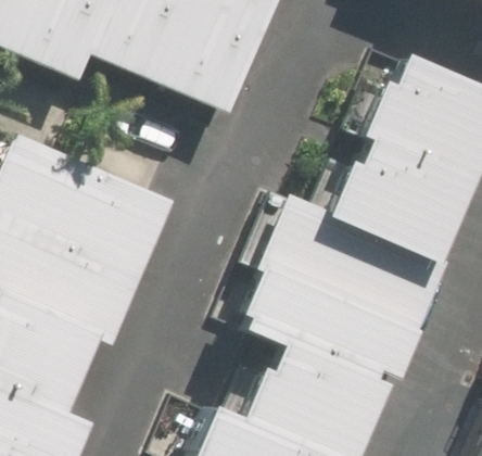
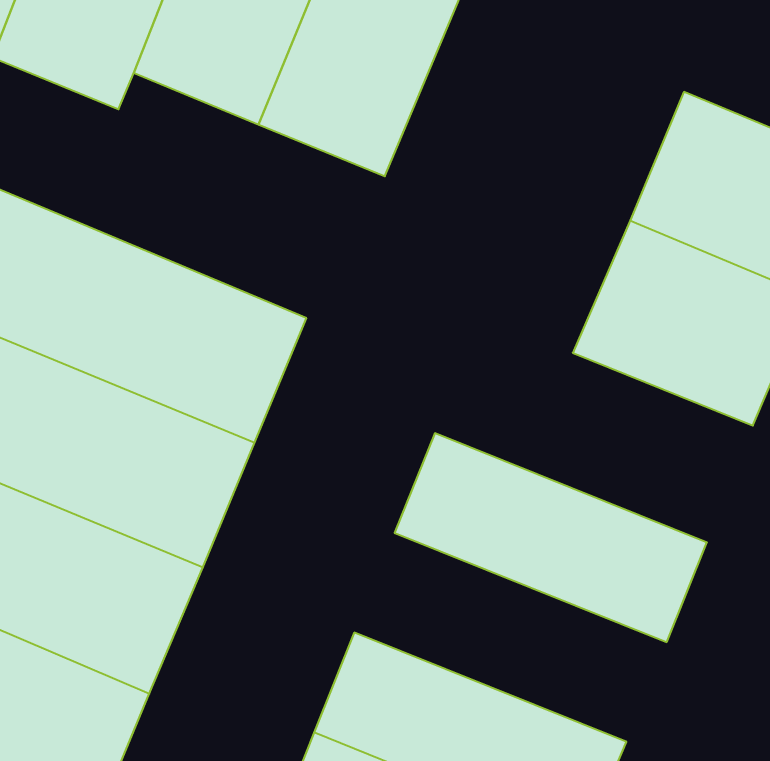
building: [255,195,435,324] -> none
building: [210,318,386,436] -> none

